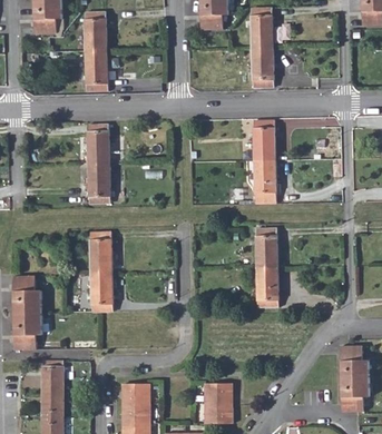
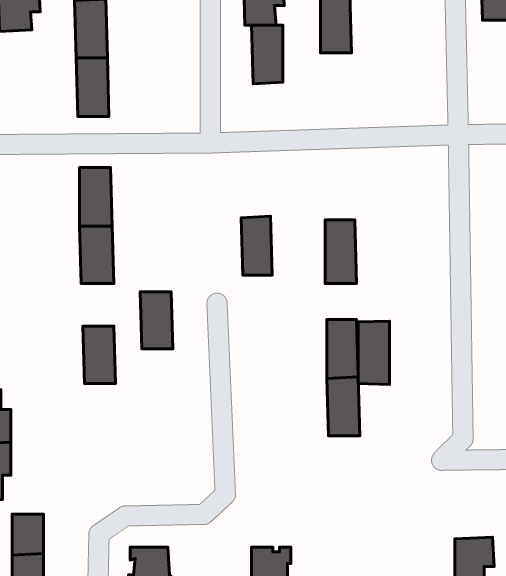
building: [251,48,272,88] -> [252,25,283,84]
building: [253,121,274,161] -> [241,216,272,275]
building: none -> [358,321,390,384]
building: [90,273,112,312] -> [140,292,173,349]
building: [341,346,368,378] -> none

